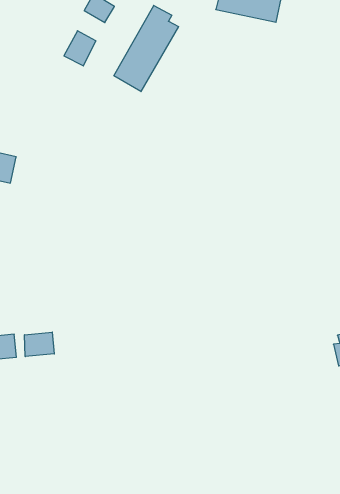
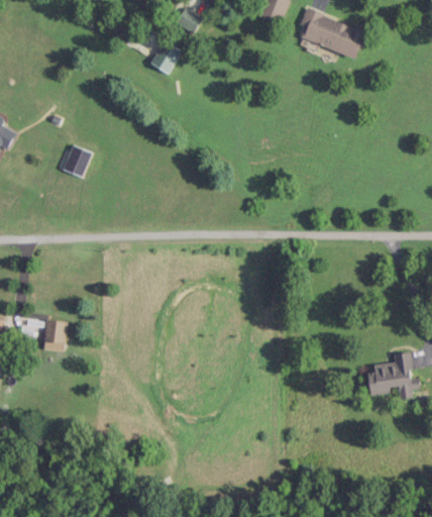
building: [114,5,179,92] -> none
building: [25,332,54,357] -> none

